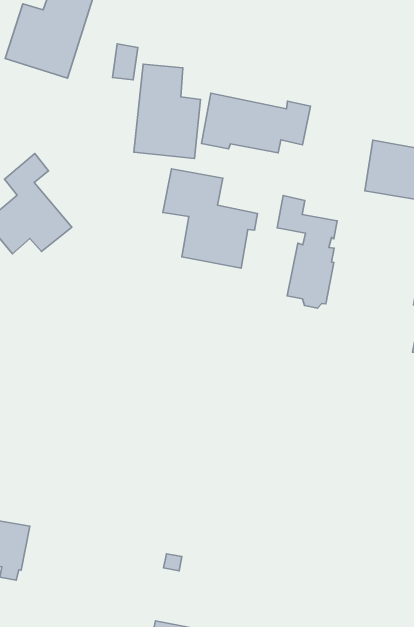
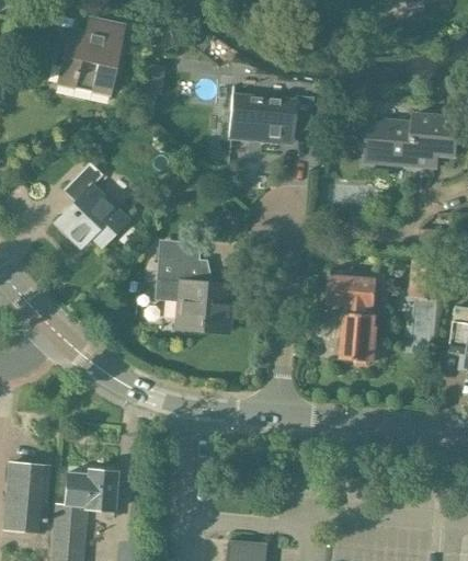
building: [134,64,200,159] -> none
building: [163,169,257,268] -> [155,256,233,333]
building: [277,196,337,308] -> [327,275,377,366]

